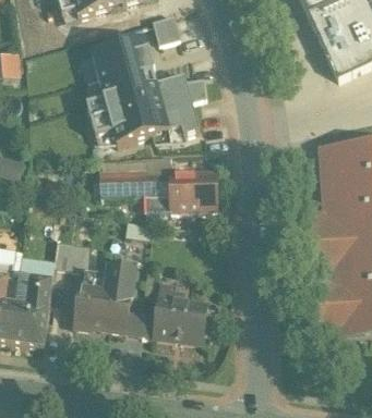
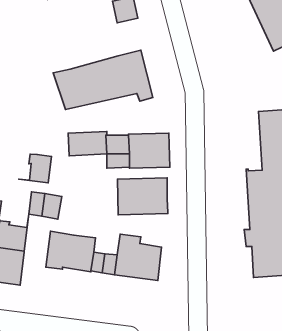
building: [91,34,158,96] -> none
building: none -> [19,154,51,183]
building: none -> [118,178,168,215]
building: [107,265,135,291] -> none

